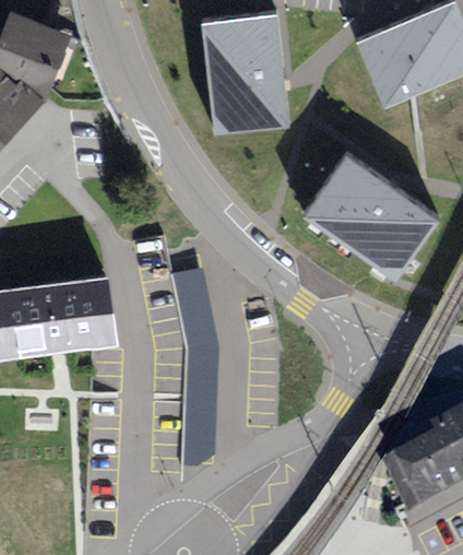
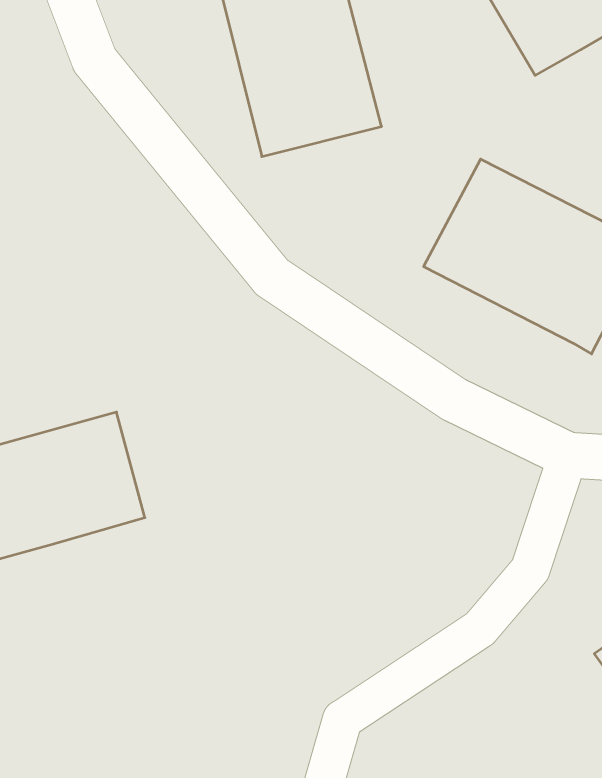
building: [170,267,221,469] -> none

